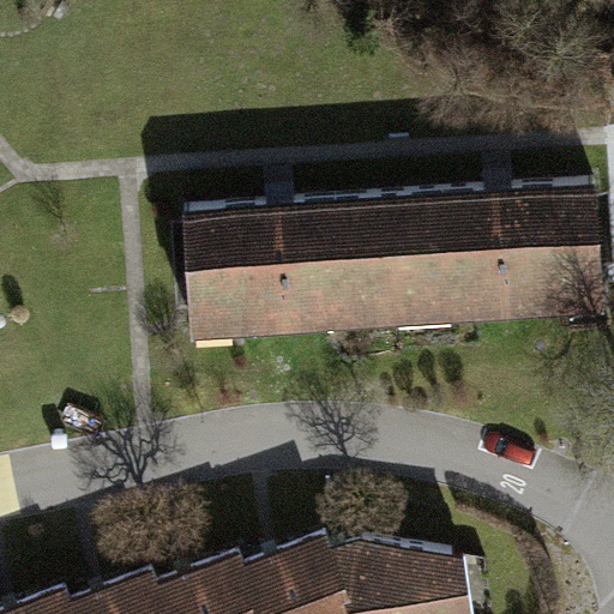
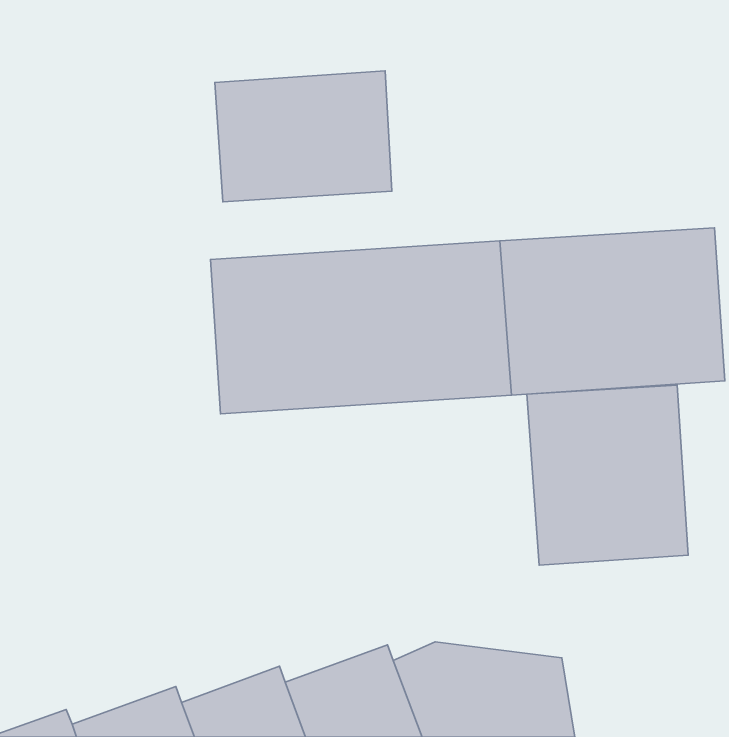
building: none -> [215,71,392,202]
building: none -> [527,385,688,565]

